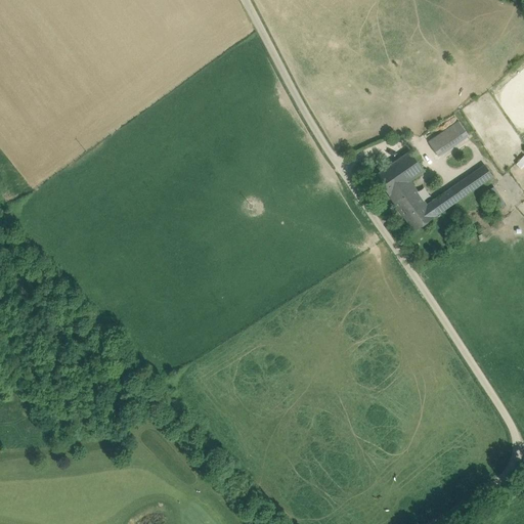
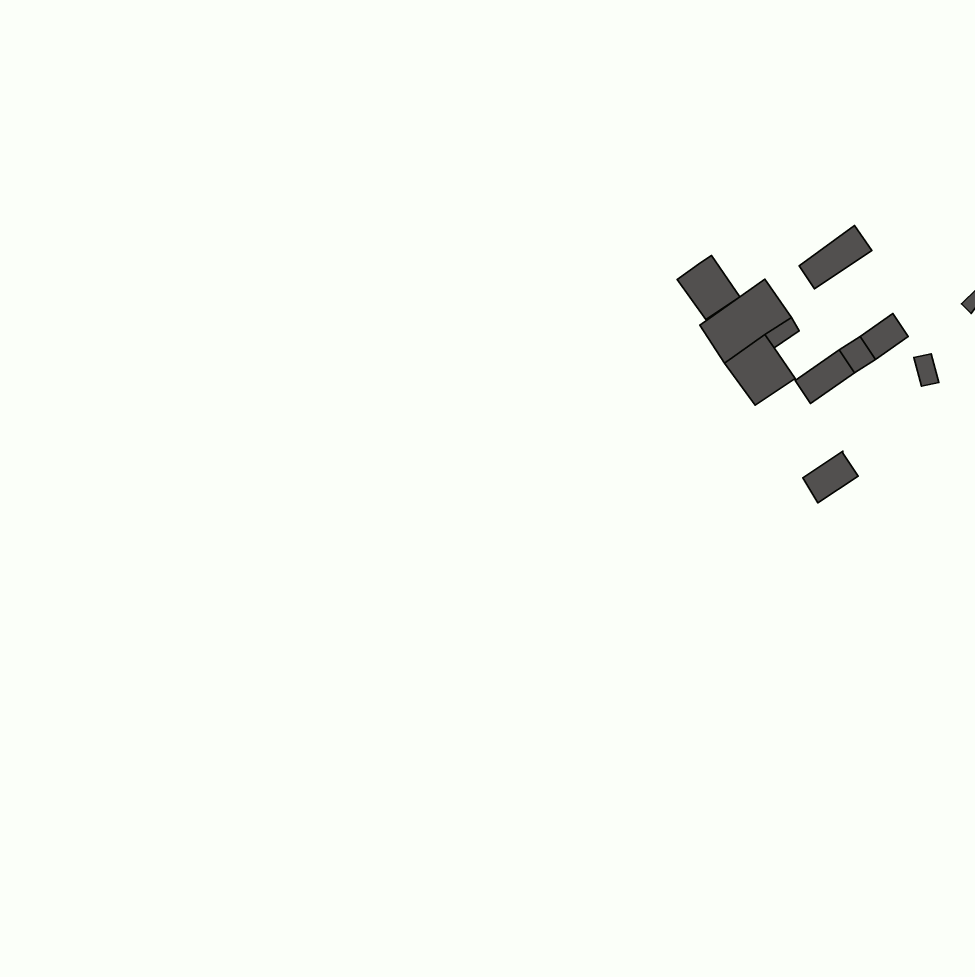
building: none -> [677,255,740,319]
building: [405,203,435,230] -> [803,451,858,503]

